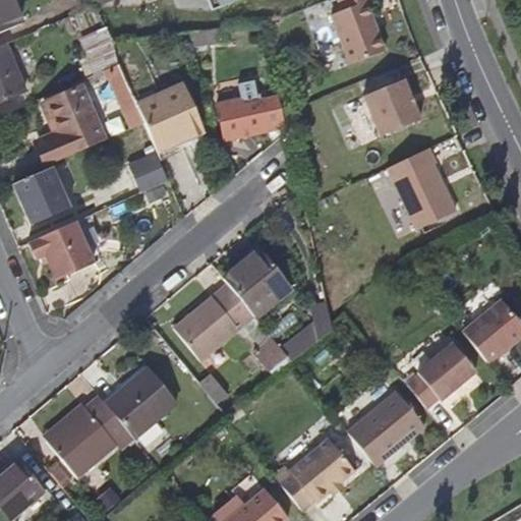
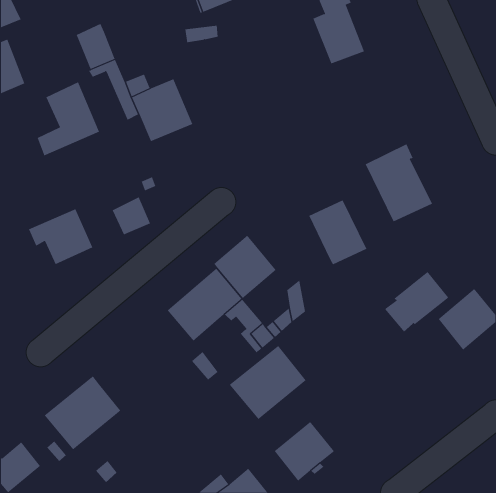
building: [361,84,418,140] -> none
building: [215,96,282,136] -> none
building: [129,150,170,190] -> [112,196,151,235]
building: [14,170,63,224] -> none
building: none -> [308,199,367,265]
building: [403,347,471,411] -> [384,271,449,332]
building: [105,366,177,437] -> none
building: [341,392,422,470] -> [229,345,307,420]

